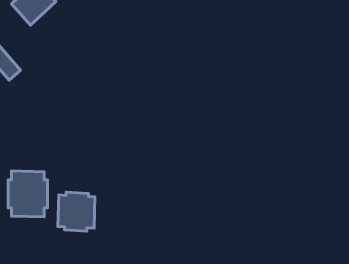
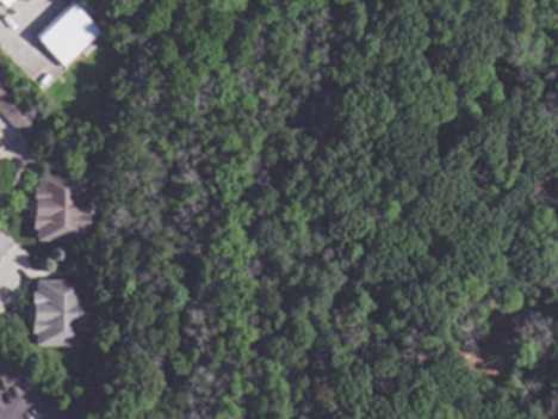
building: none -> [32,173,91,240]
building: [58,192,95,231] -> none

